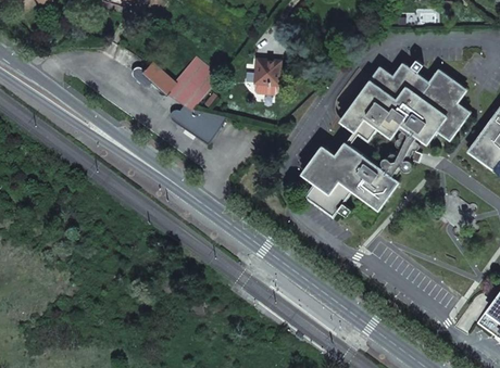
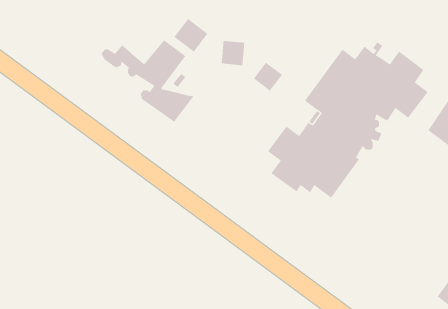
building: none -> [174,18,208,52]
building: none -> [253,62,283,92]

